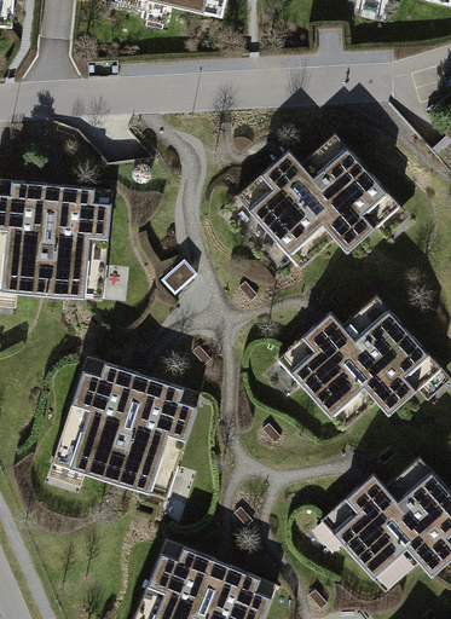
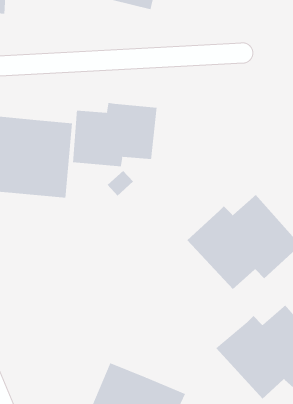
building: [235,131,398,267] -> none
building: none -> [73,102,157,167]
building: [50,357,200,499] -> none

